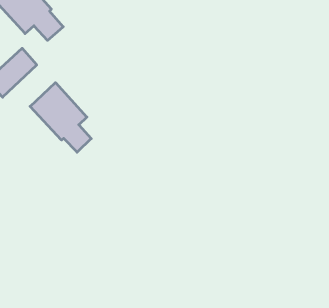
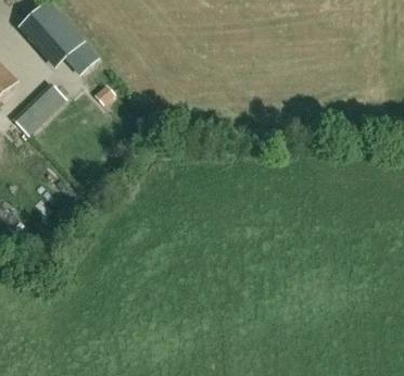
building: [30,83,91,152] -> none

